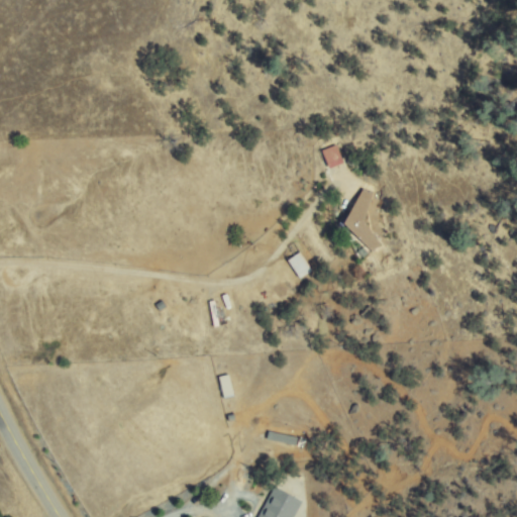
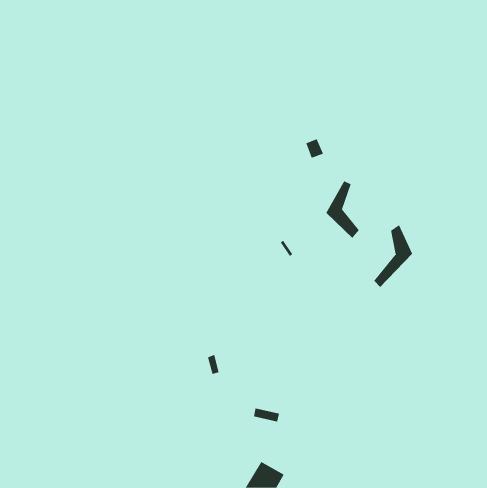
building: none -> [373,224,413,288]

